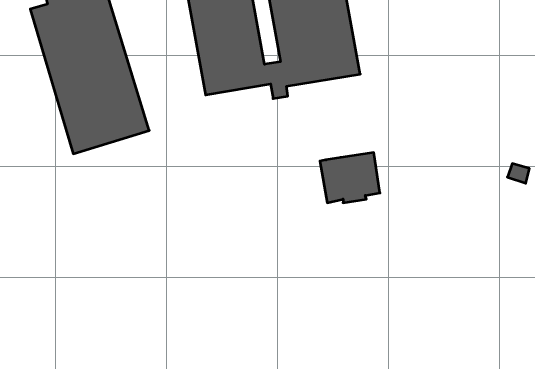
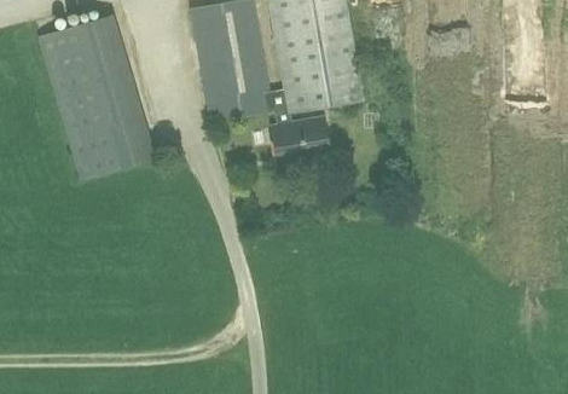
building: [320,153,380,203] -> [272,117,331,167]

